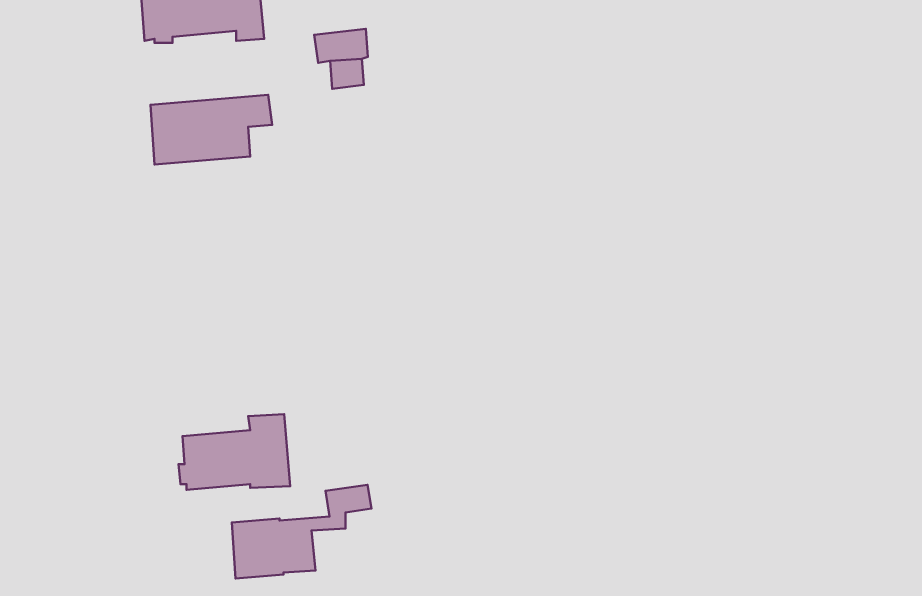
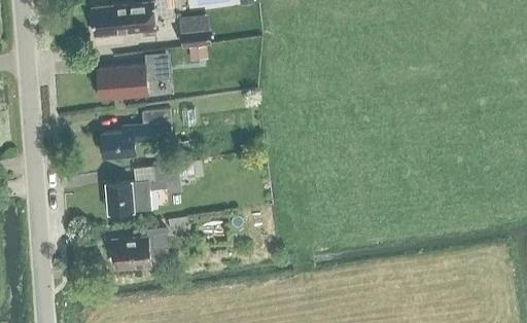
building: none -> [101,110,169,157]
building: [232,485,371,579] -> [106,165,178,213]

